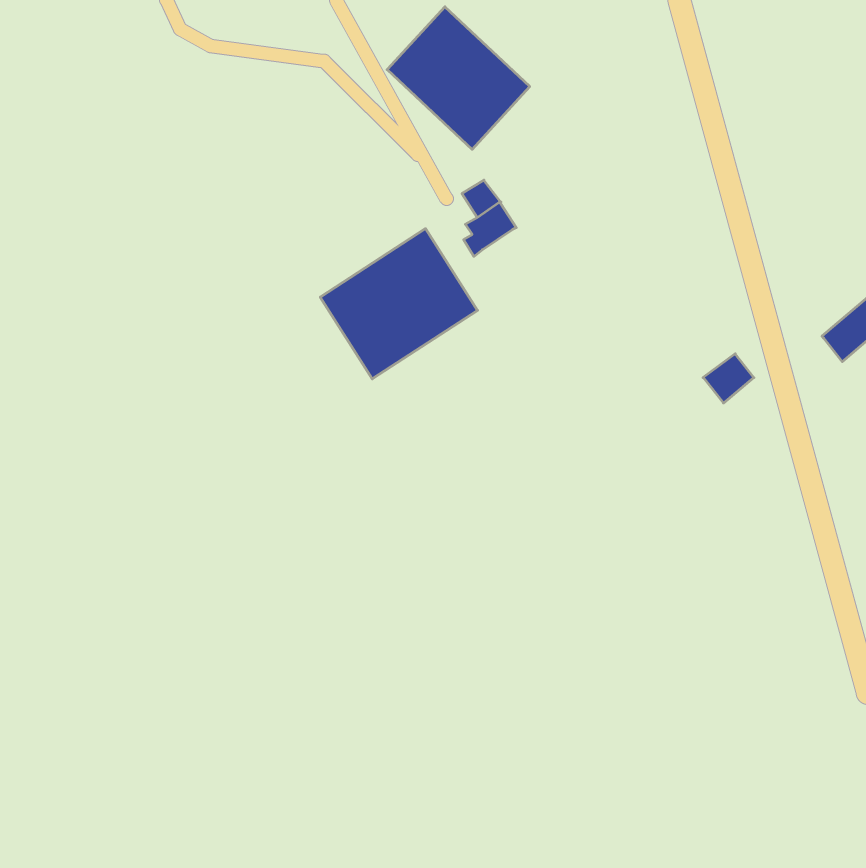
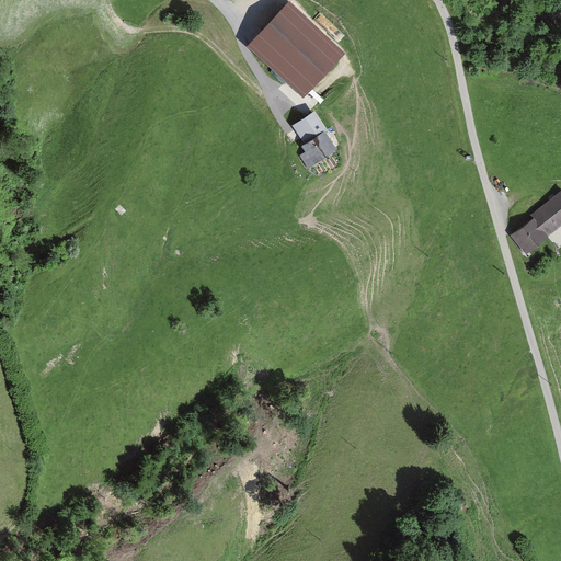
building: [320,229,478,379] -> none
building: [703,354,754,403] -> [512,218,545,250]

